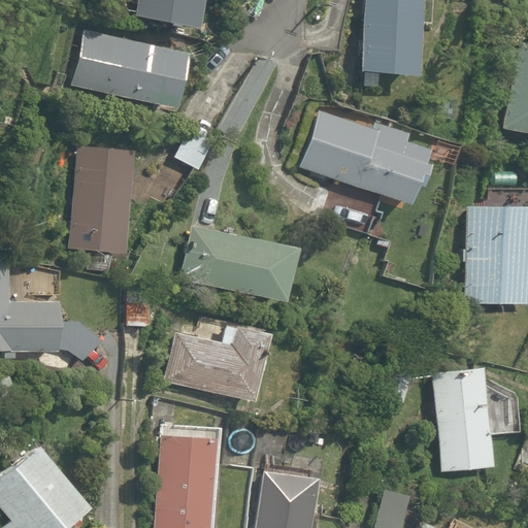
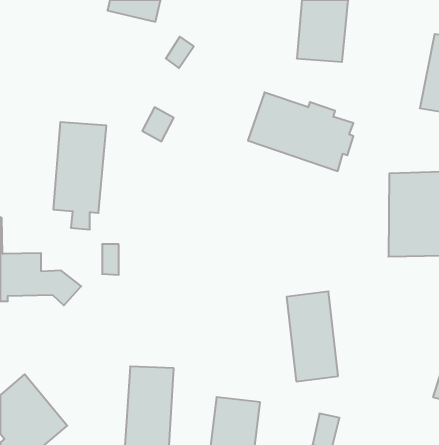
building: [76,31,186,106] -> none
building: [182,225,294,300] -> none
building: [168,325,268,399] -> none
building: [433,366,494,472] -> [287,291,338,381]

